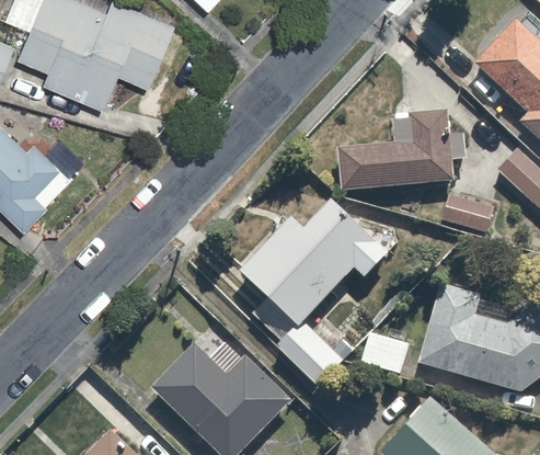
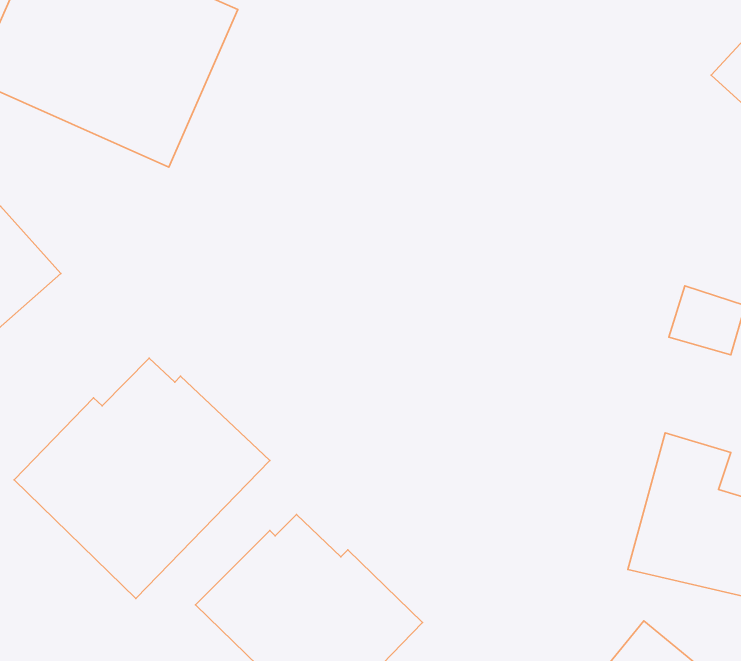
building: [342,114,461,189] -> none
building: [239,202,389,375] -> none
building: none -> [14,358,270,598]

